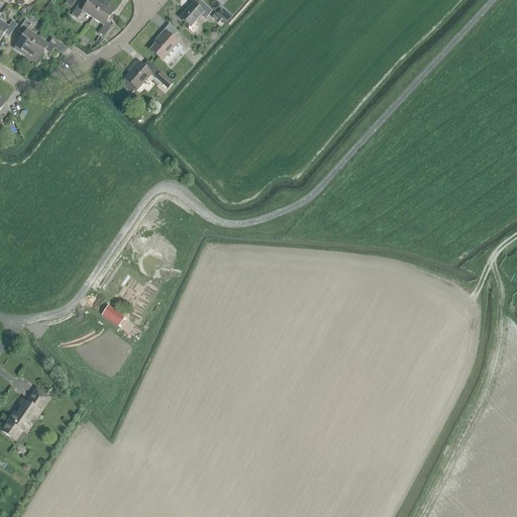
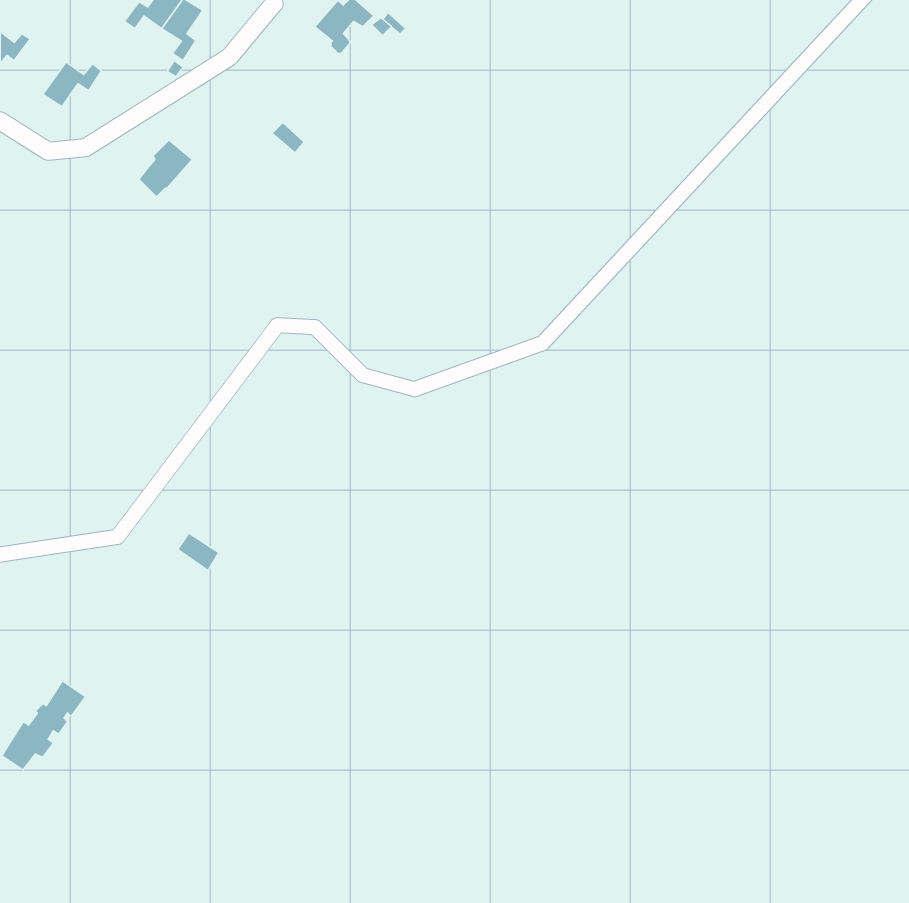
building: [14,17,37,54] -> none
building: [149,29,191,58] -> none
building: [120,60,150,92] -> [139,140,192,197]

